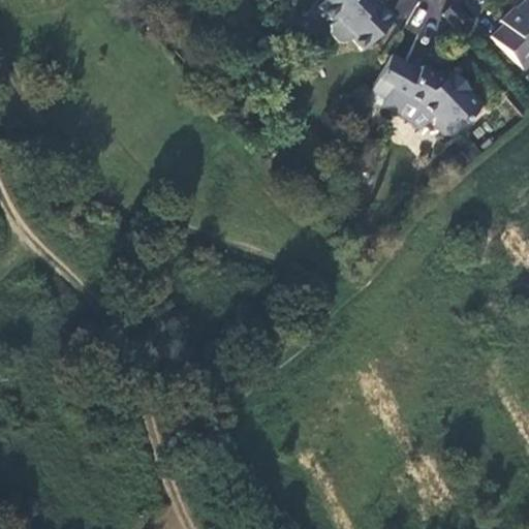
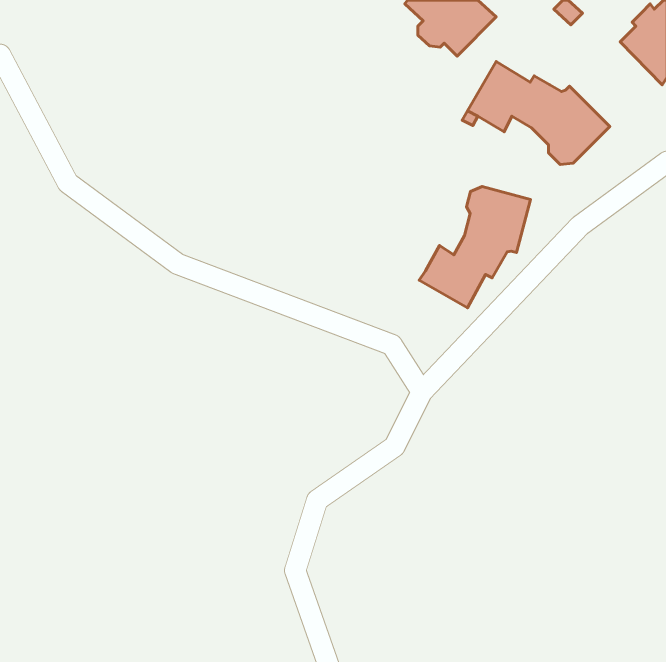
building: none -> [419,186,530,308]

